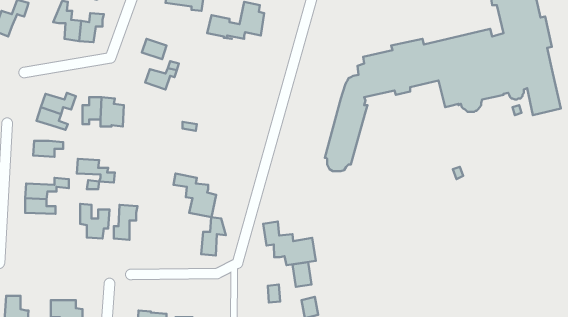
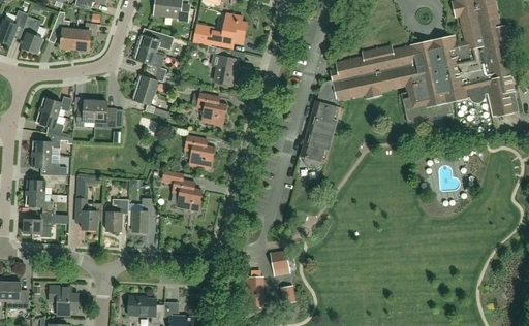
building: none -> [22,17,41,53]
building: none -> [136,31,174,53]
building: none -> [212,46,238,85]
building: none -> [131,87,168,118]
building: none -> [196,93,225,125]
building: none -> [184,135,213,168]
building: [77,159,115,182] -> [31,154,66,175]
building: [201,217,226,255] -> [132,197,155,232]
building: none -> [23,213,53,233]
building: [263,222,316,265] -> none

